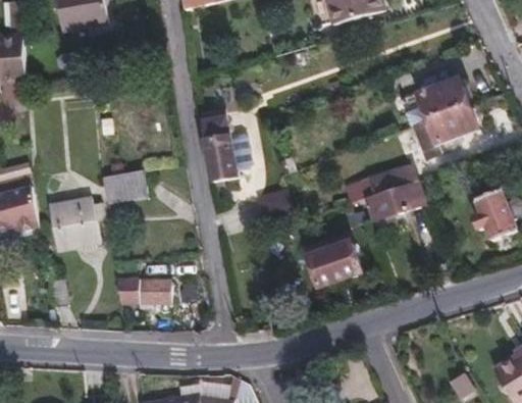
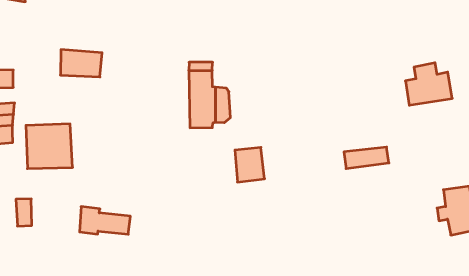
building: [427,105,478,144] -> none
building: [101,168,145,198] -> [60,50,102,77]
building: [366,181,424,219] -> none
building: [309,242,360,286] -> none

